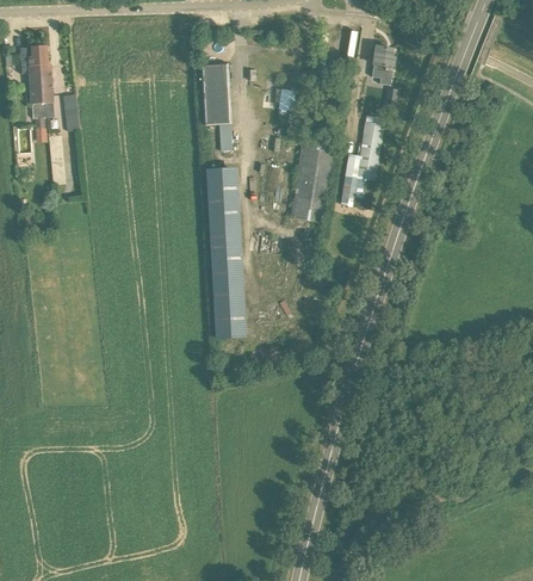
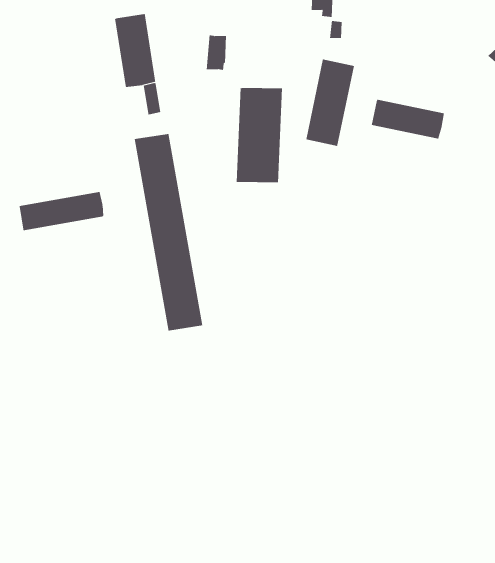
building: none -> [371,99,444,140]
building: none -> [19,191,104,231]

